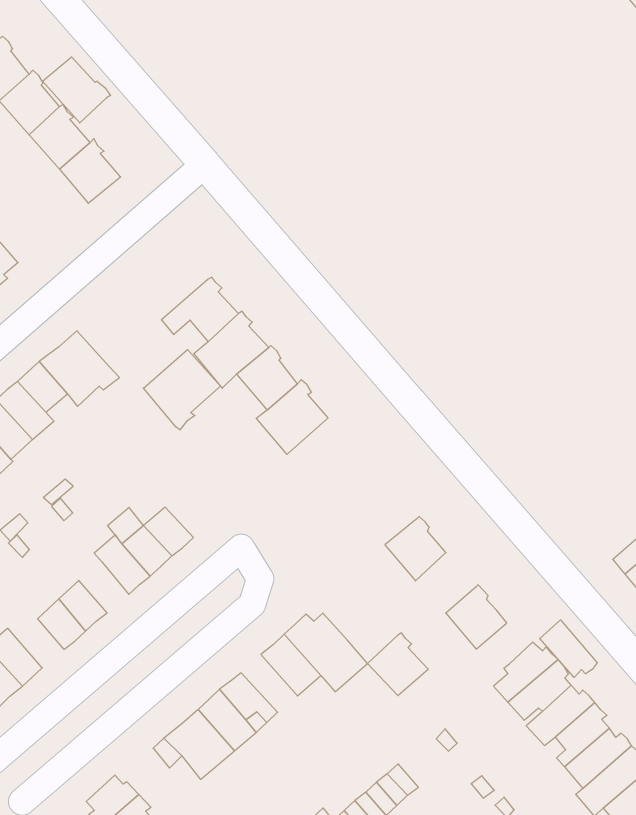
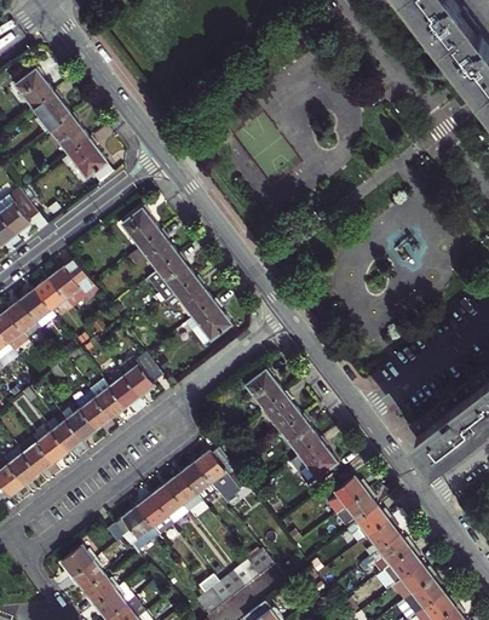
building: [43,57,111,123] -> none
building: none -> [121,207,160,248]
building: [143,350,220,430] -> none
building: none -> [119,354,163,397]
building: none -> [244,368,284,409]
building: none -> [62,409,97,442]
building: none -> [18,437,53,475]
building: [540,620,597,677] -> none
building: [367,633,428,696] -> [281,415,320,455]
building: none -> [166,475,201,513]

